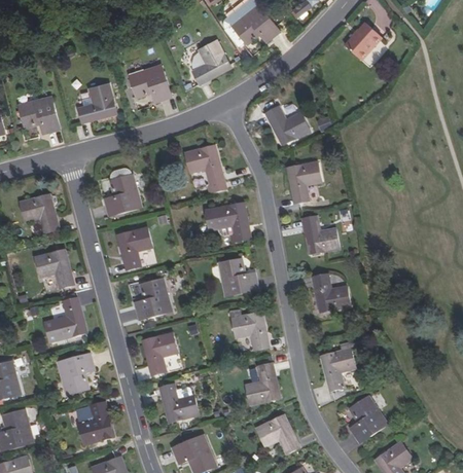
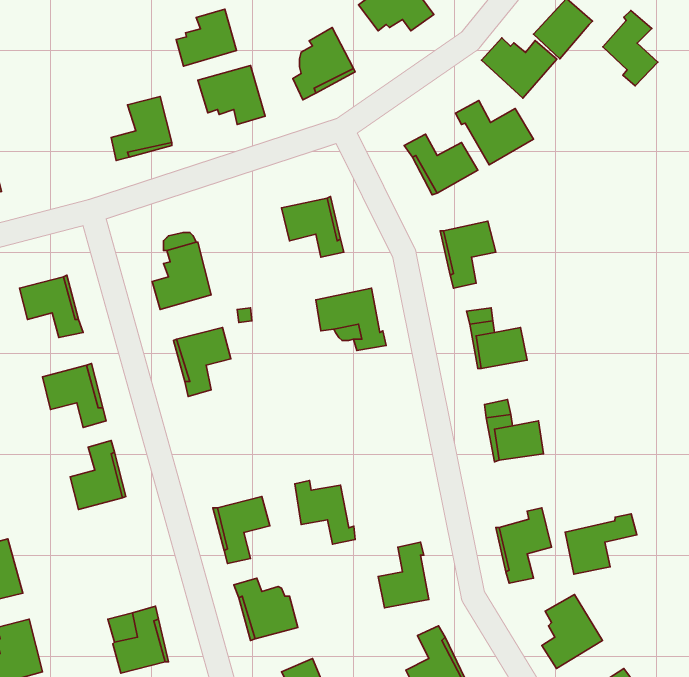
building: none -> [176,9,237,66]
building: none -> [603,11,658,86]
building: none -> [482,38,557,98]
building: none -> [455,101,533,165]
building: [20,96,61,133] -> none
building: [217,256,254,296] -> none
building: [132,279,169,320] -> none
building: [229,310,268,350] -> [295,480,355,544]
building: none -> [565,514,637,574]
building: [56,354,94,396] -> none

